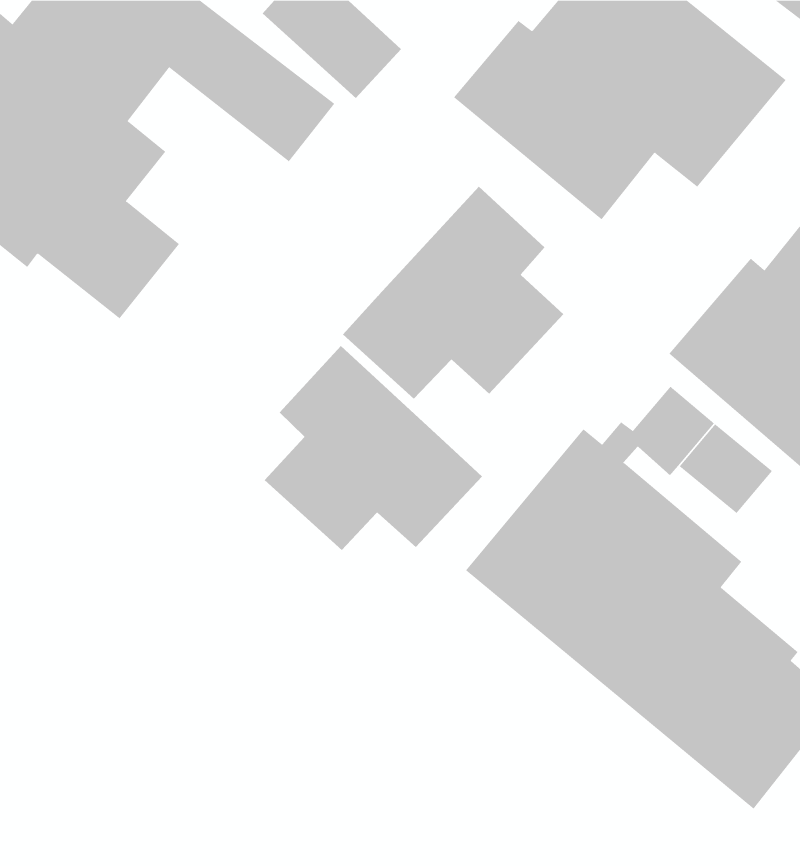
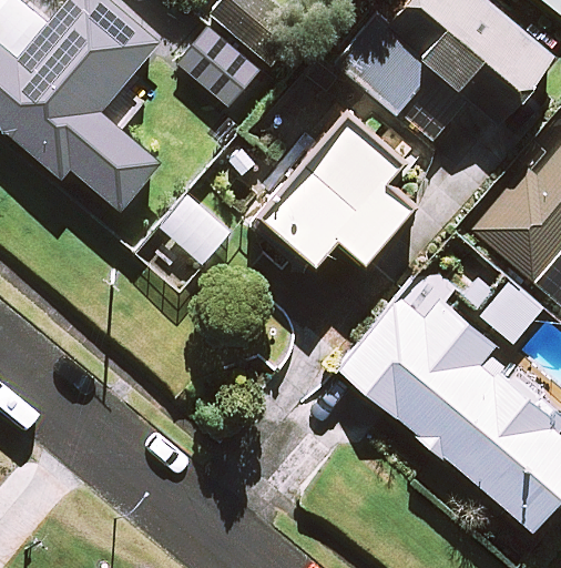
building: [264,345,483,551] -> none

